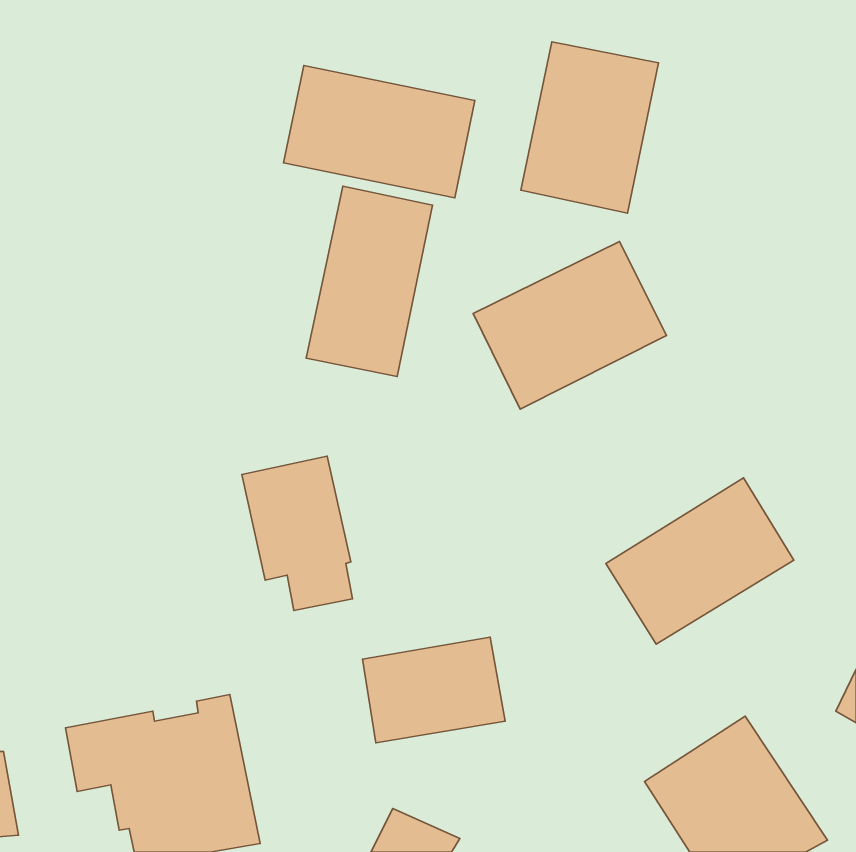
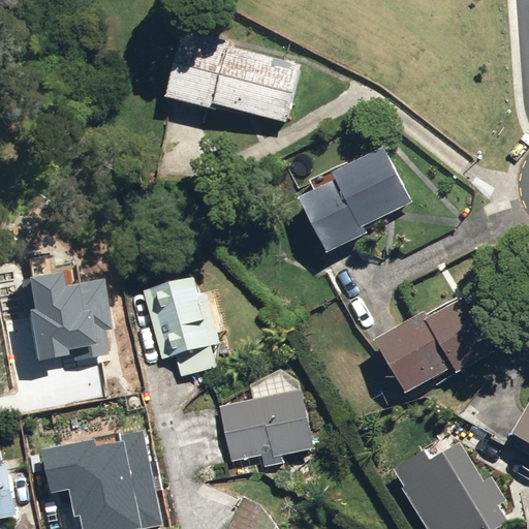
building: [521,42,659,213] -> none
building: [306,186,432,376] -> none
building: none -> [29,271,111,357]

